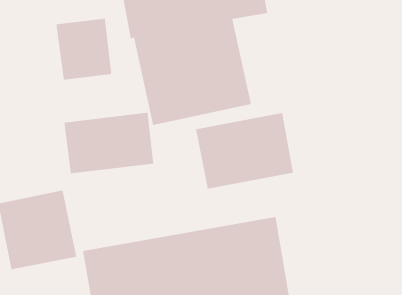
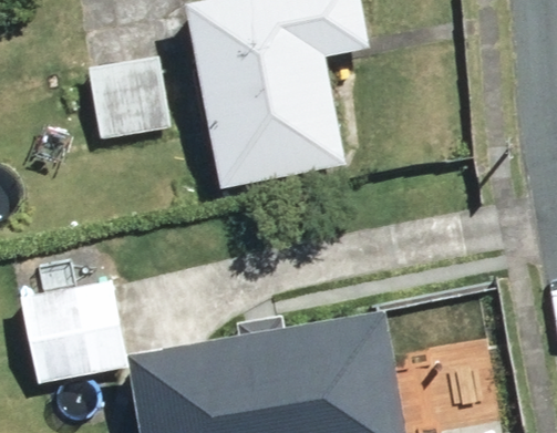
building: [63,112,154,174] -> none
building: [195,112,294,190] -> none

